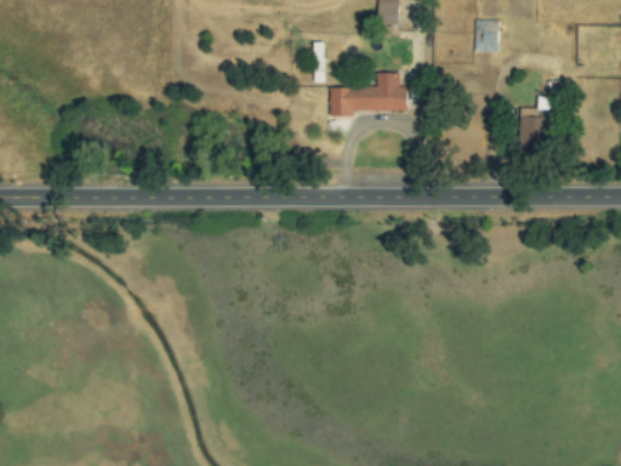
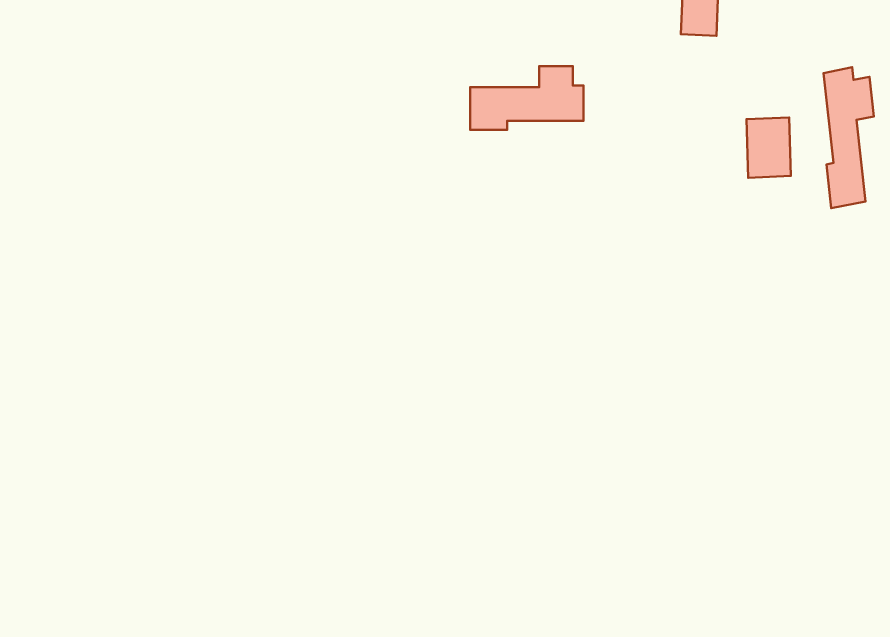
building: none -> [824,67,874,208]

